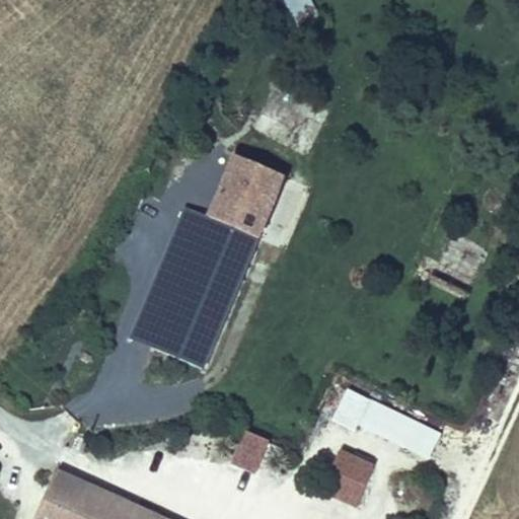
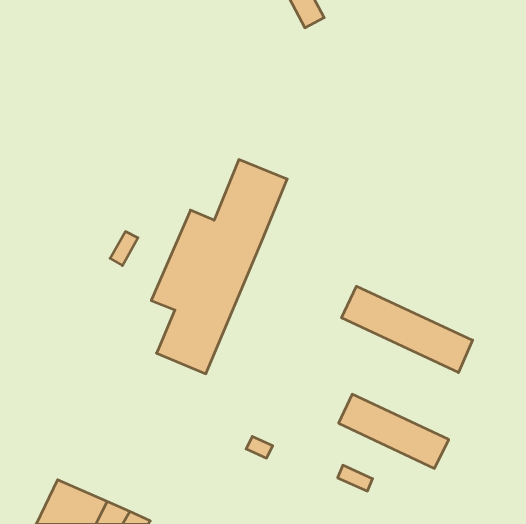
building: none -> [342,286,473,373]
building: [132,296,172,346] -> none

